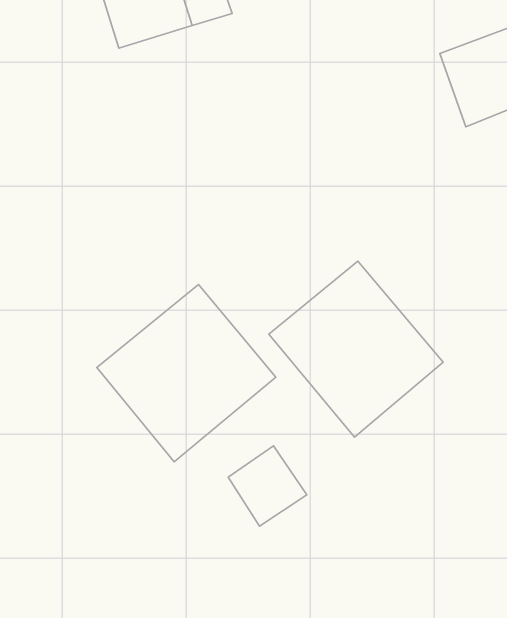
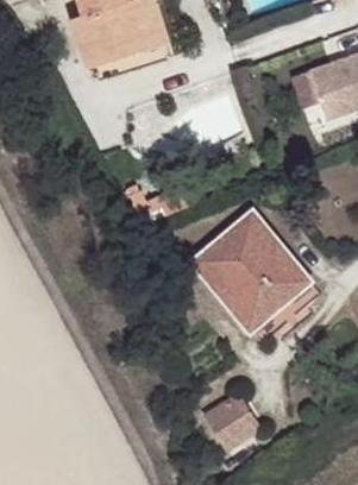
building: [97,285,276,462] -> none
building: [228,446,307,526] -> [206,395,259,449]

